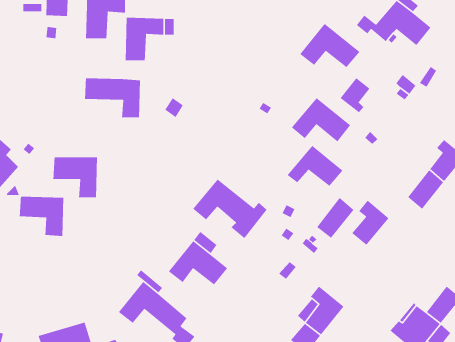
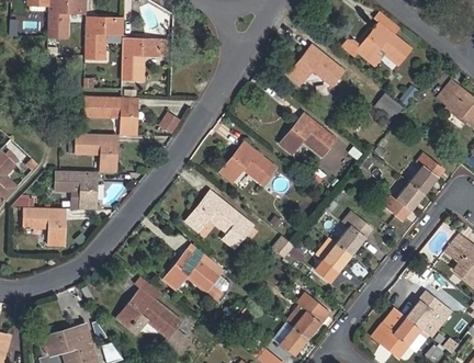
building: [339,77,370,113] -> none
building: none -> [74,133,116,171]
building: [287,145,343,187] -> [223,145,276,184]
building: [316,197,355,239] -> [314,242,350,282]

